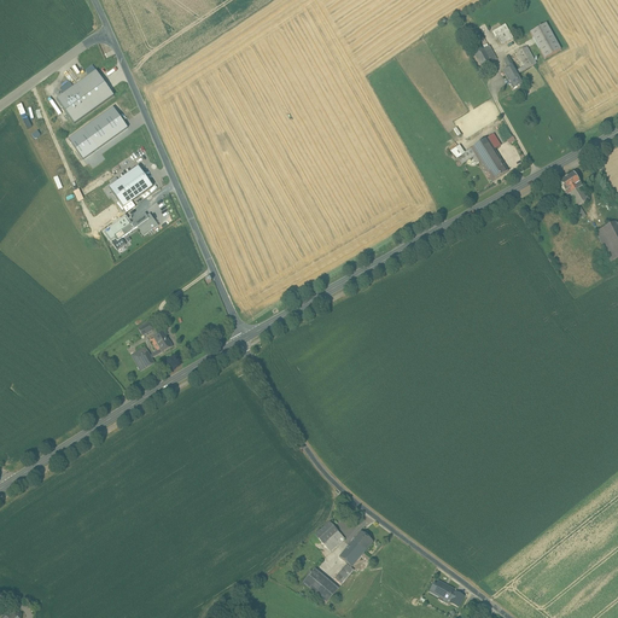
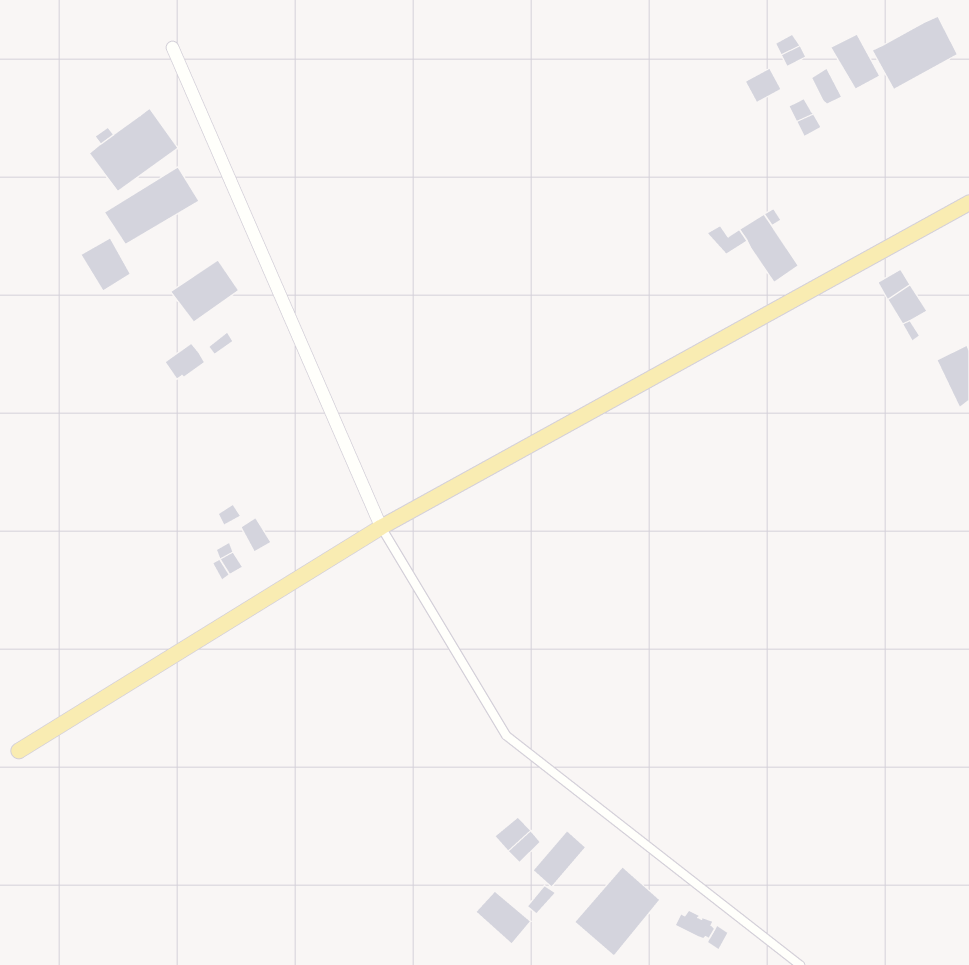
building: none -> [872,16,958,89]
building: none -> [81,238,131,291]
building: none -> [575,867,660,956]

